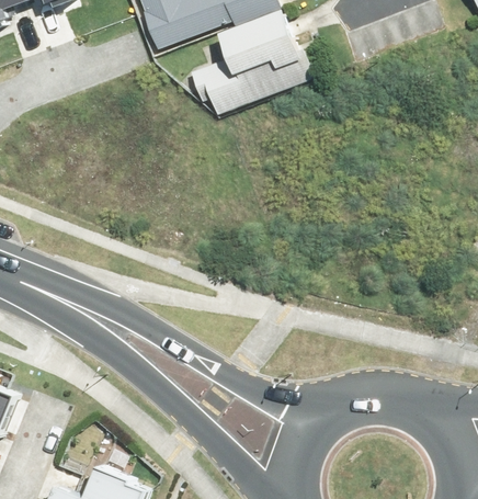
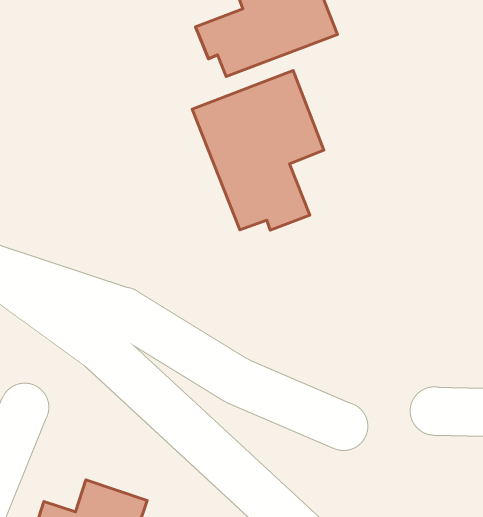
building: none -> [192,71,324,230]

